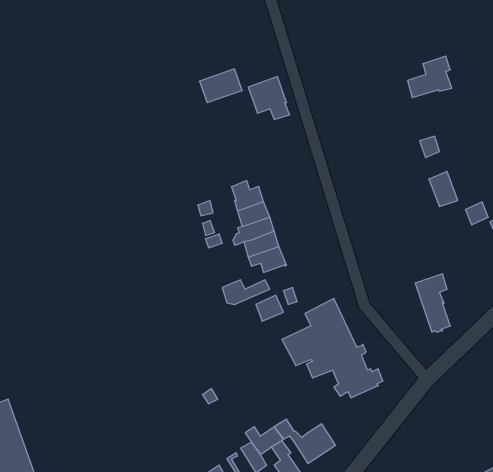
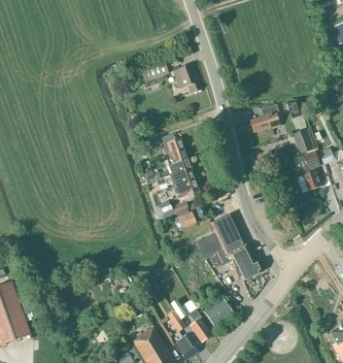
building: [408,56,452,97] -> [250,104,280,132]
building: [415,274,450,332] -> [297,152,320,191]

